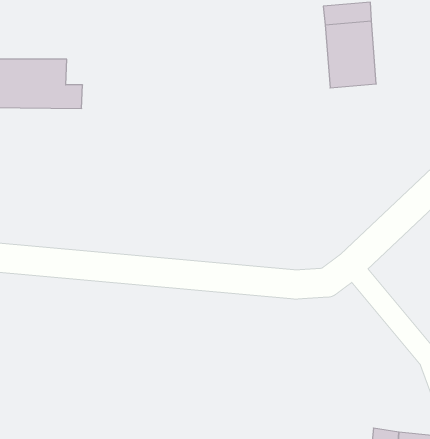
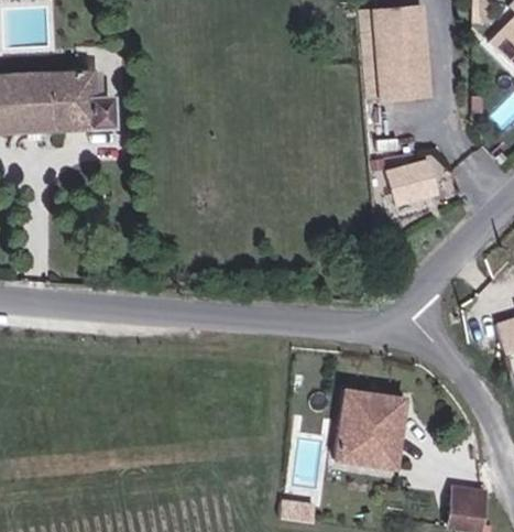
building: none -> [384,156,435,203]
building: none -> [351,387,409,465]

